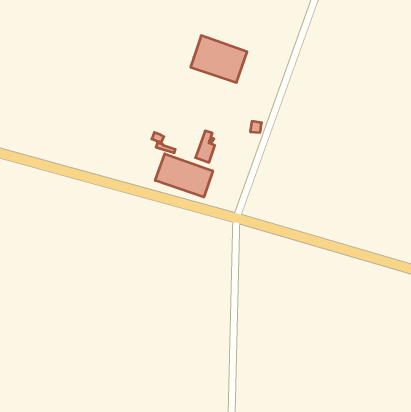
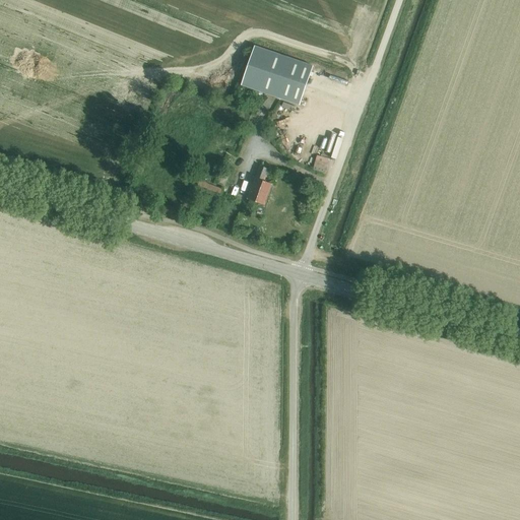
building: [155,154,213,197] -> none

